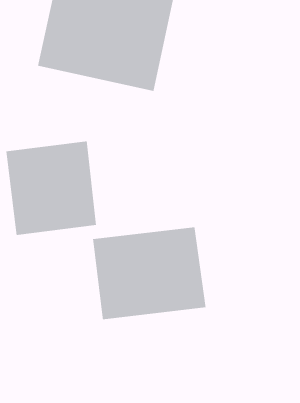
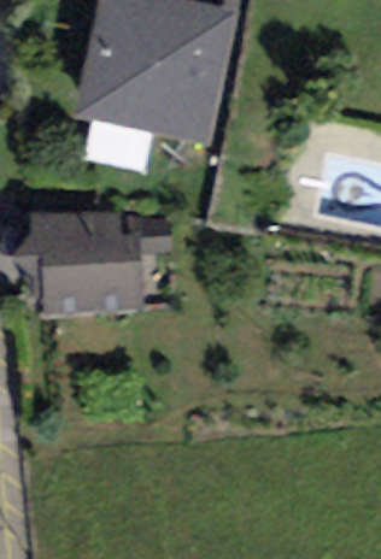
building: [93,226,206,320] -> none

